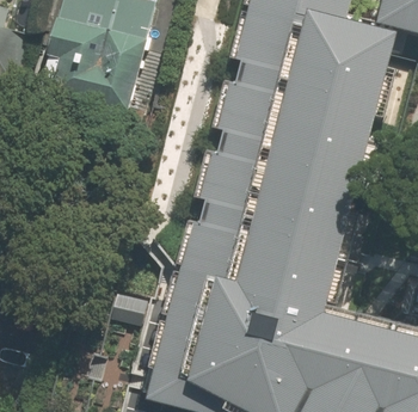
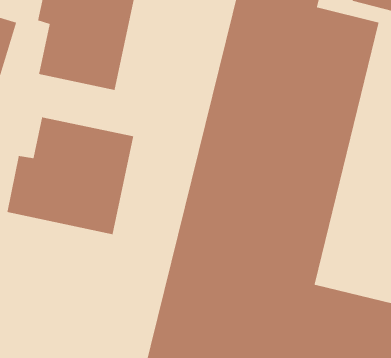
building: none -> [7,116,134,235]

